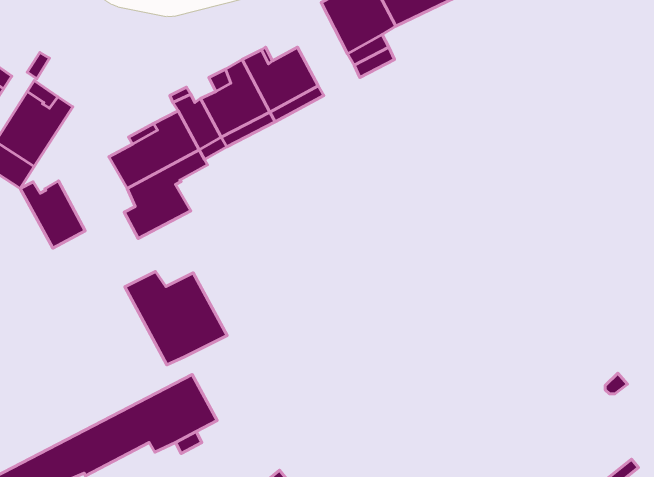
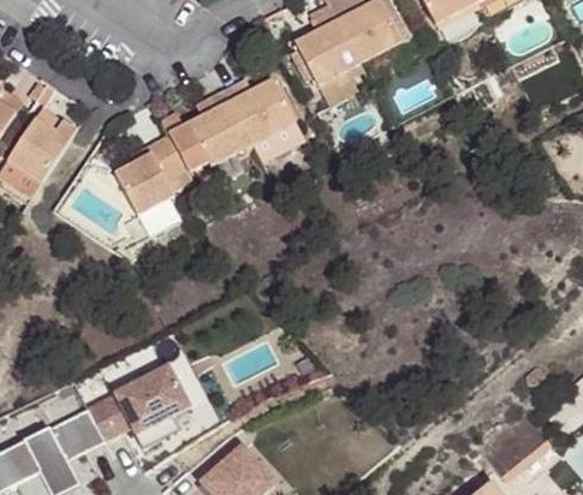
building: none -> [245,123,298,166]
building: [20,181,85,248] -> none
building: [125,271,227,365] -> none

